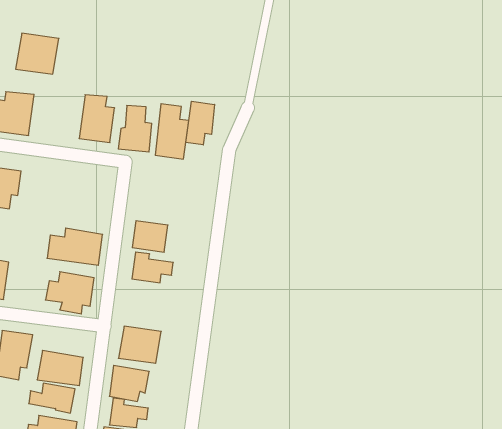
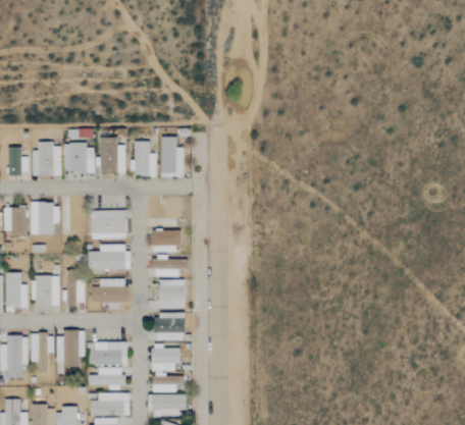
building: [16,33,59,74] -> [63,144,94,172]
building: [186,101,215,145] -> none
building: none -> [91,210,125,238]
building: none -> [158,279,185,308]

